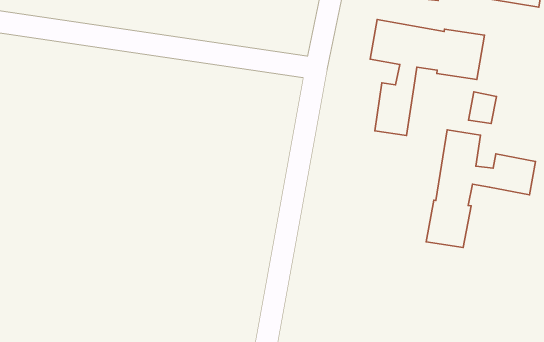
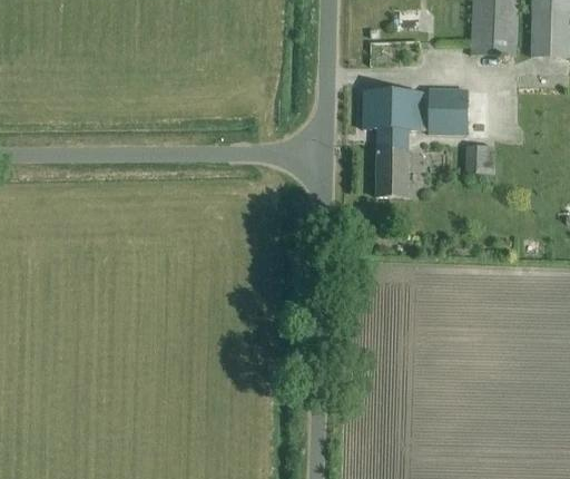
building: [426,130,536,248] -> none

